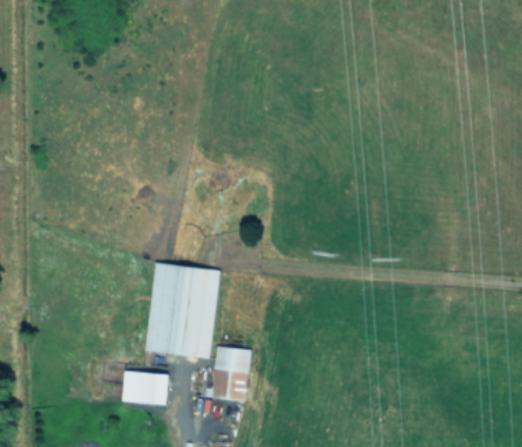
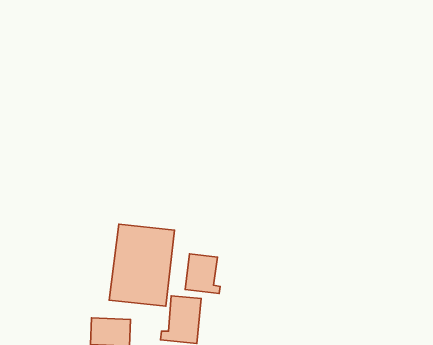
building: none -> [185,254,220,294]

